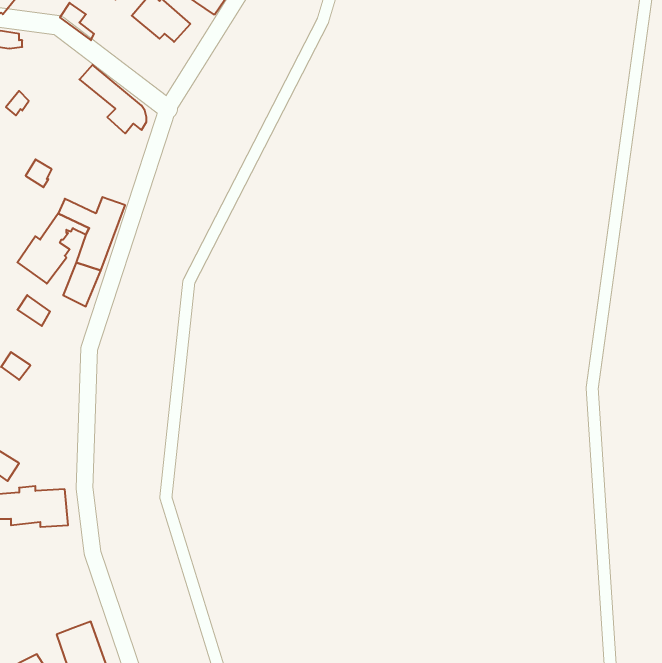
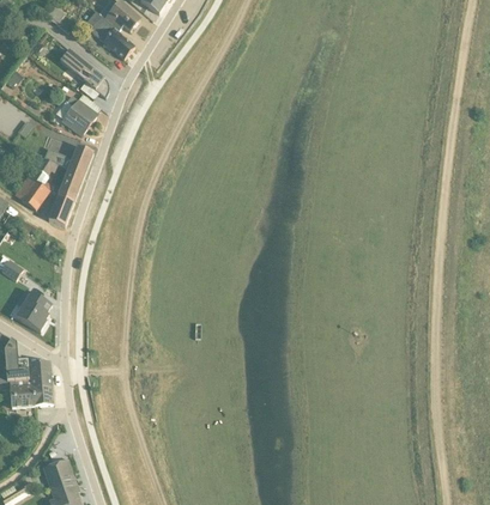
building: none -> [83,11,134,59]
building: none -> [55,93,97,135]
building: none -> [14,288,52,331]
building: none -> [8,384,52,407]

